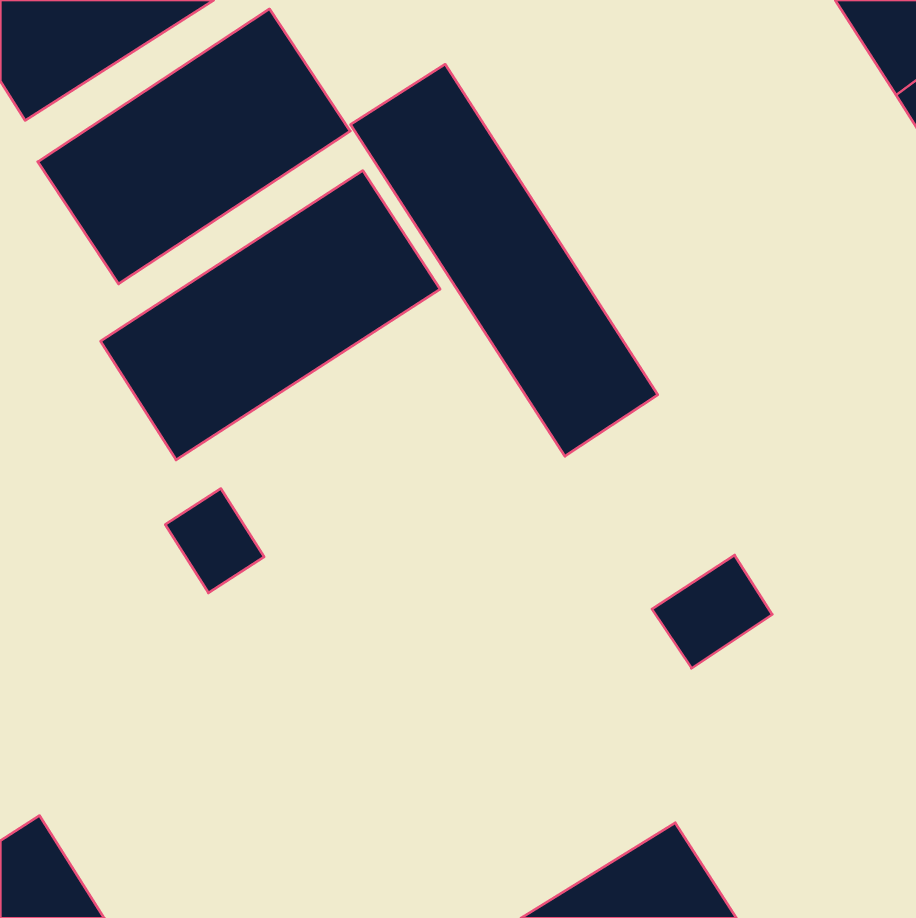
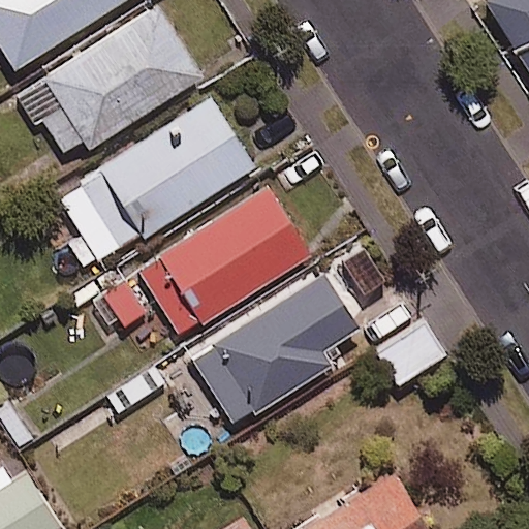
building: [351,64,658,456] -> none
building: none -> [131,186,311,342]
building: none -> [191,273,360,426]

